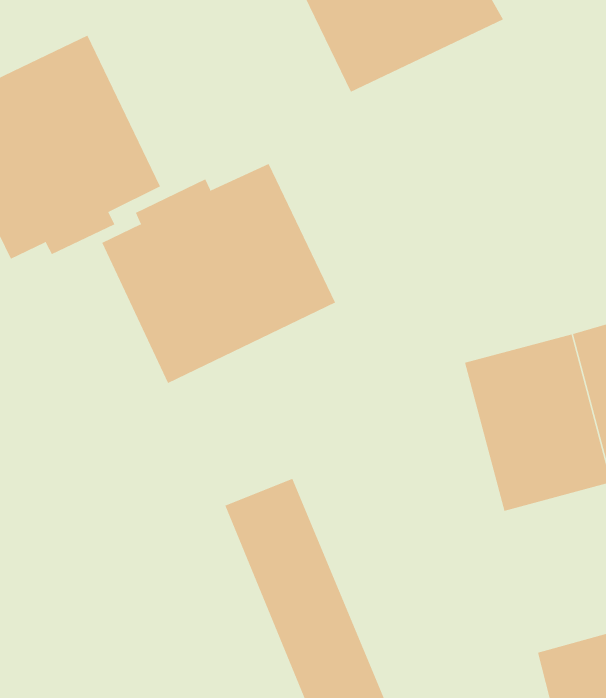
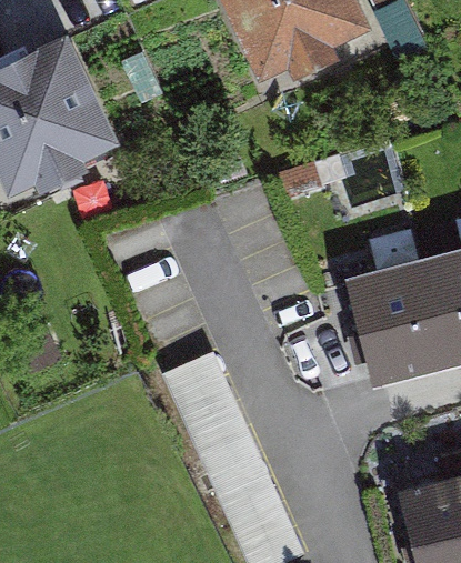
building: [102,163,336,384] -> none

